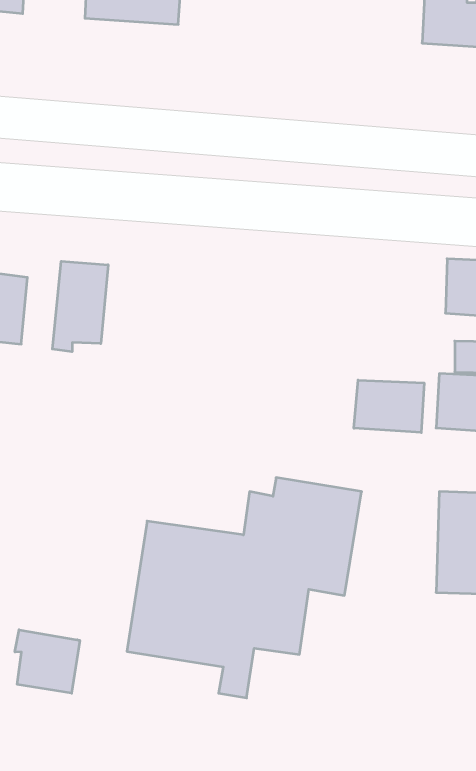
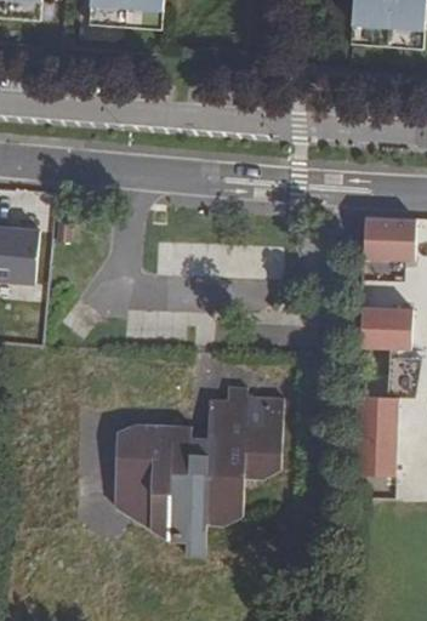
building: [52,261,108,352] -> none
building: [354,380,424,433] -> none
building: [15,630,80,693] -> none

